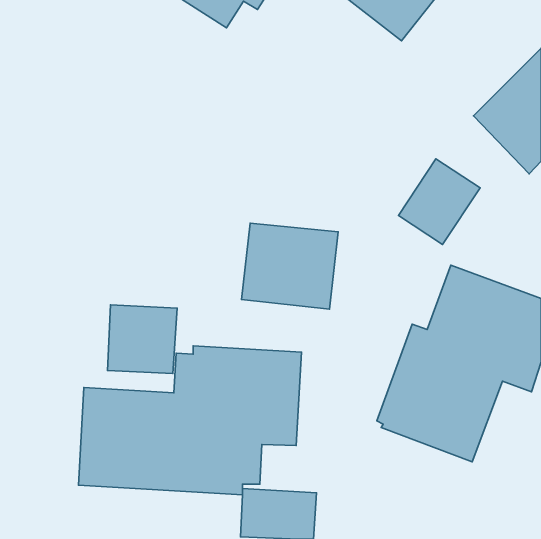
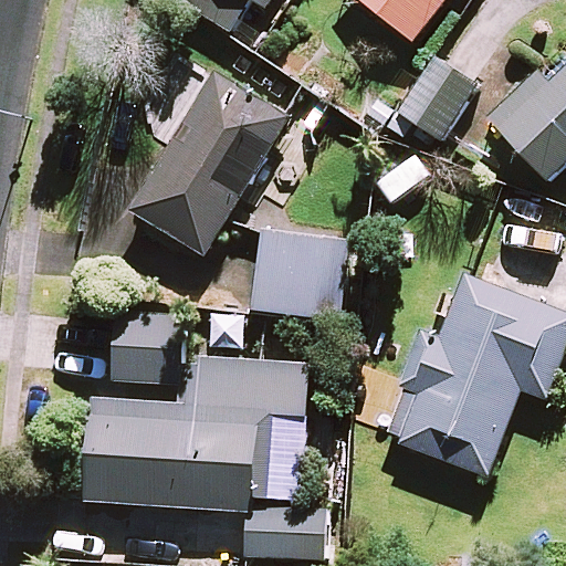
building: none -> [130,72,285,252]
building: [398,159,480,245] -> [397,53,481,142]

